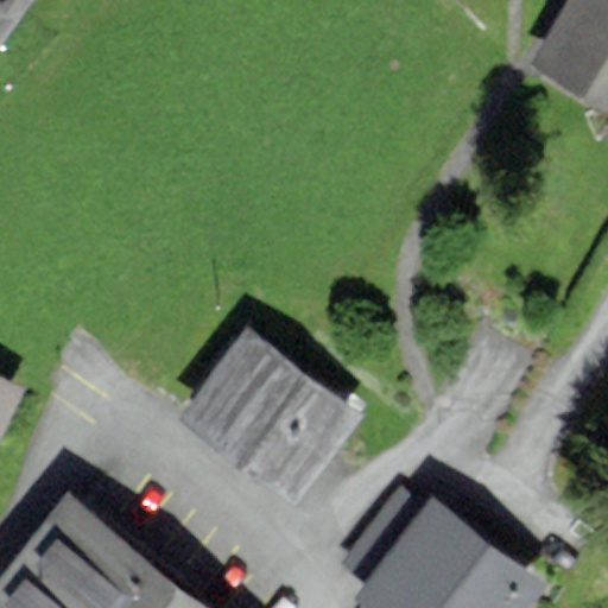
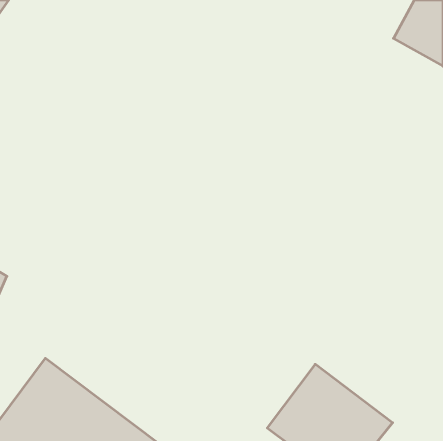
building: [191,331,350,486] -> none

